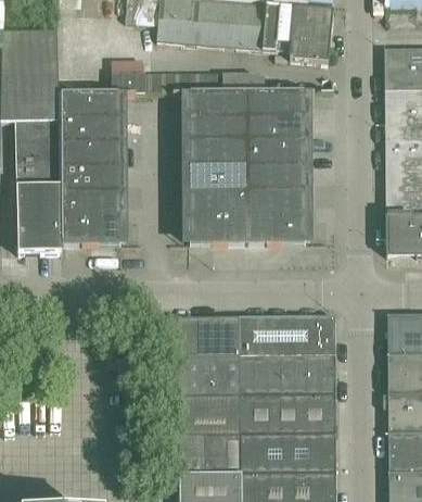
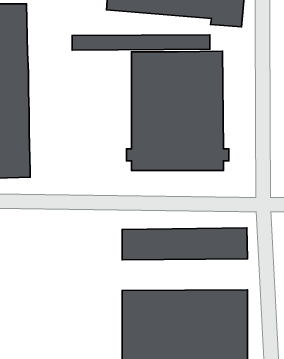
building: [57,93,126,243] -> none
building: [177,354,335,394] -> none

